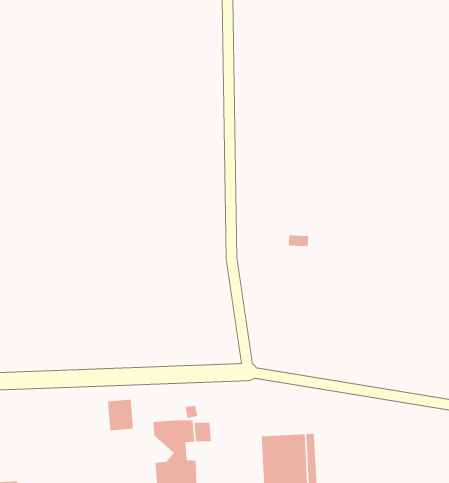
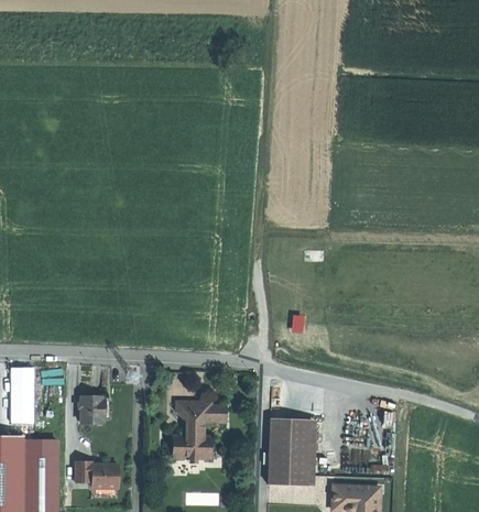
building: [107,399,134,431] -> [81,394,102,421]

